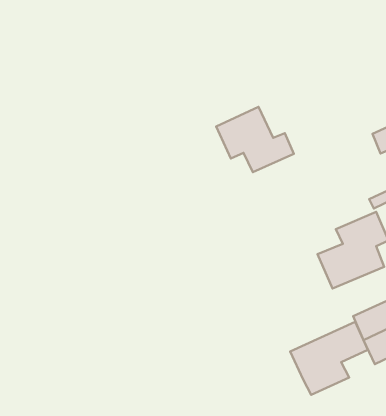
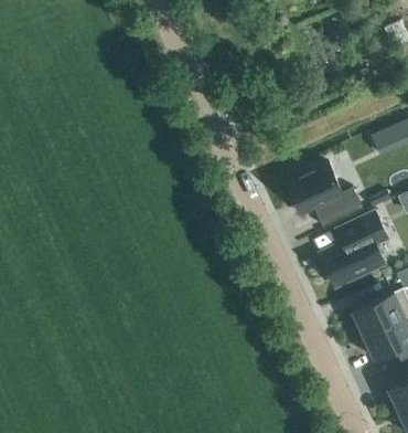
building: [216,107,294,172] -> [287,163,362,226]
building: [290,322,368,395] -> none

